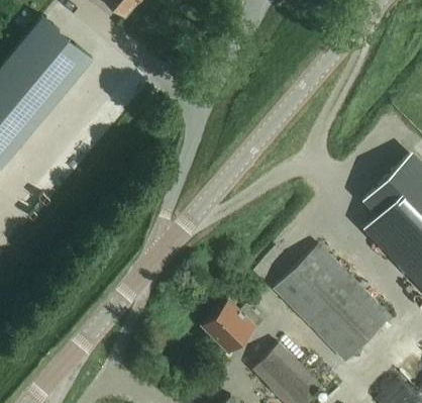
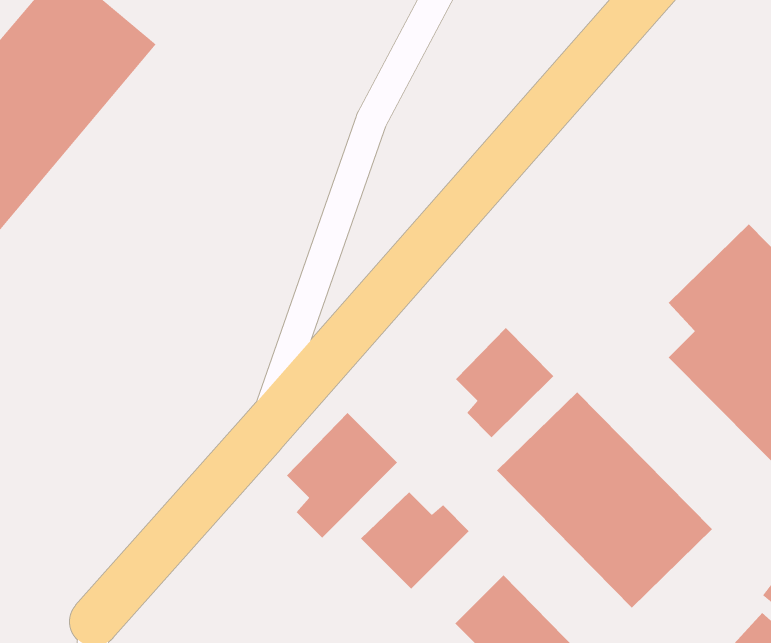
building: none -> [455,327,554,438]
building: none -> [286,412,398,538]

